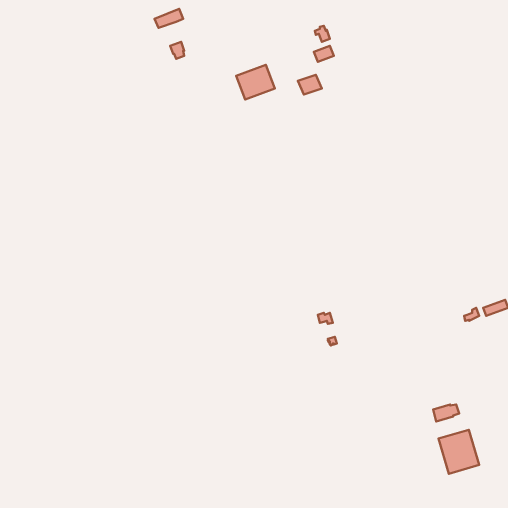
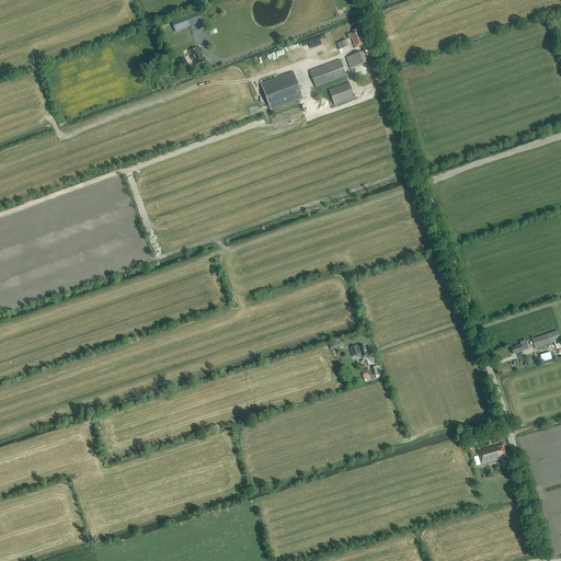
building: none -> [309,59,345,87]
building: [439,430,479,474] -> none

